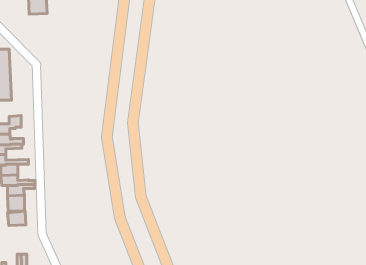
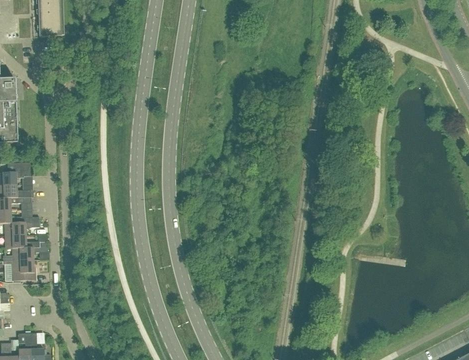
building: [7,211,26,226] -> none

